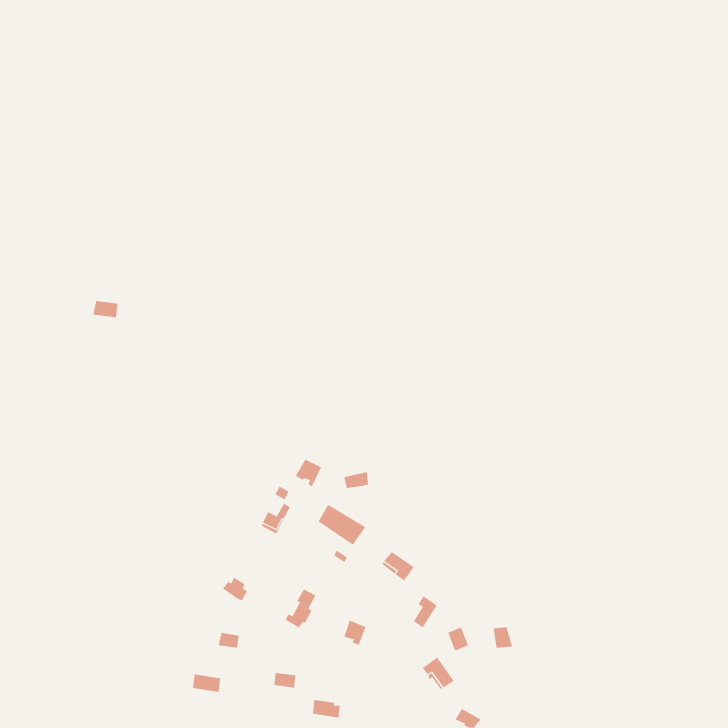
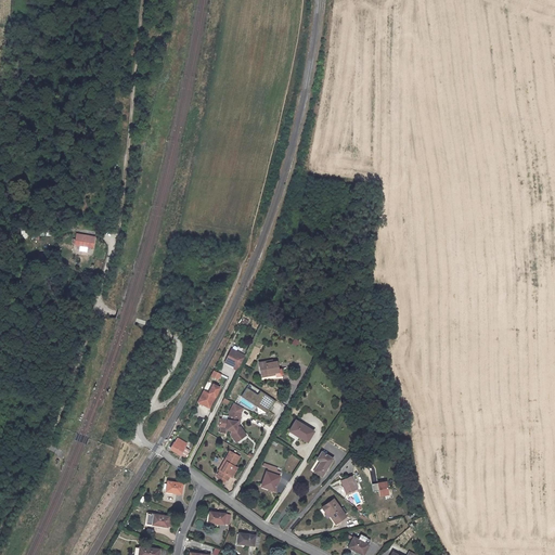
building: none -> [219,402,245,441]

